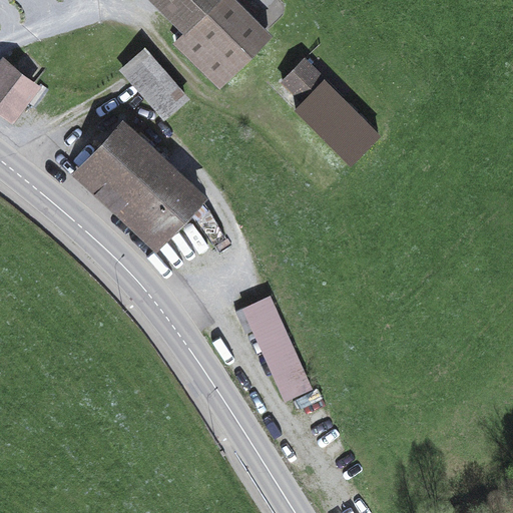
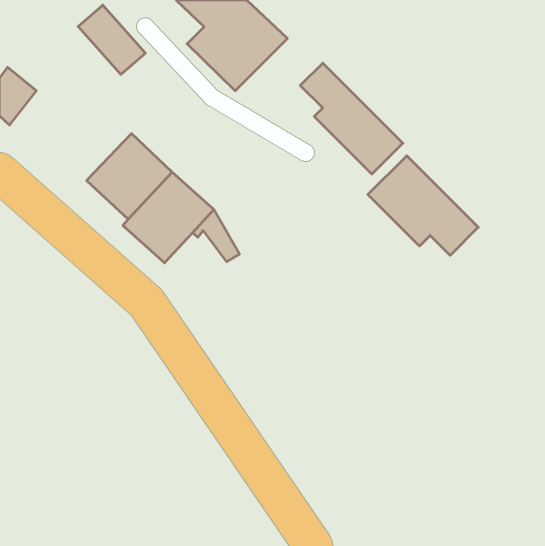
building: [122,53,185,118] -> [78,5,145,74]
building: none -> [368,156,478,255]
building: [244,296,312,400] -> none

